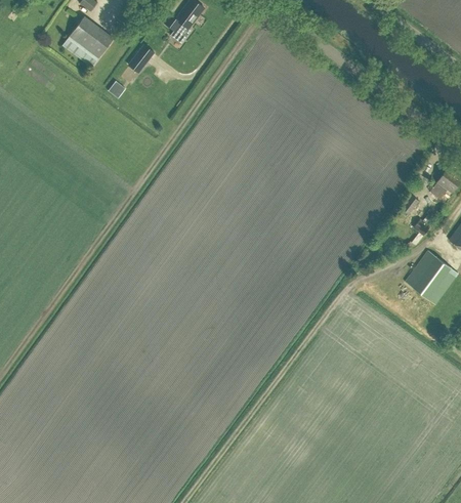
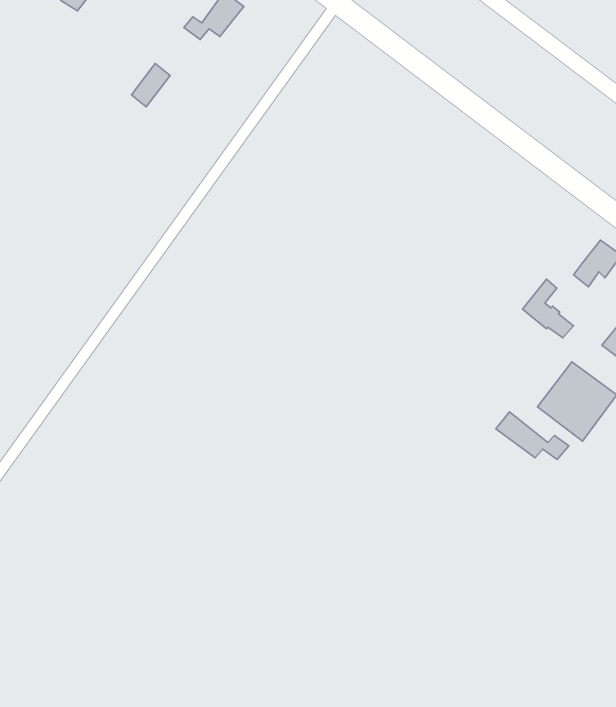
building: [62,15,113,67] -> none
building: none -> [496,412,569,459]

